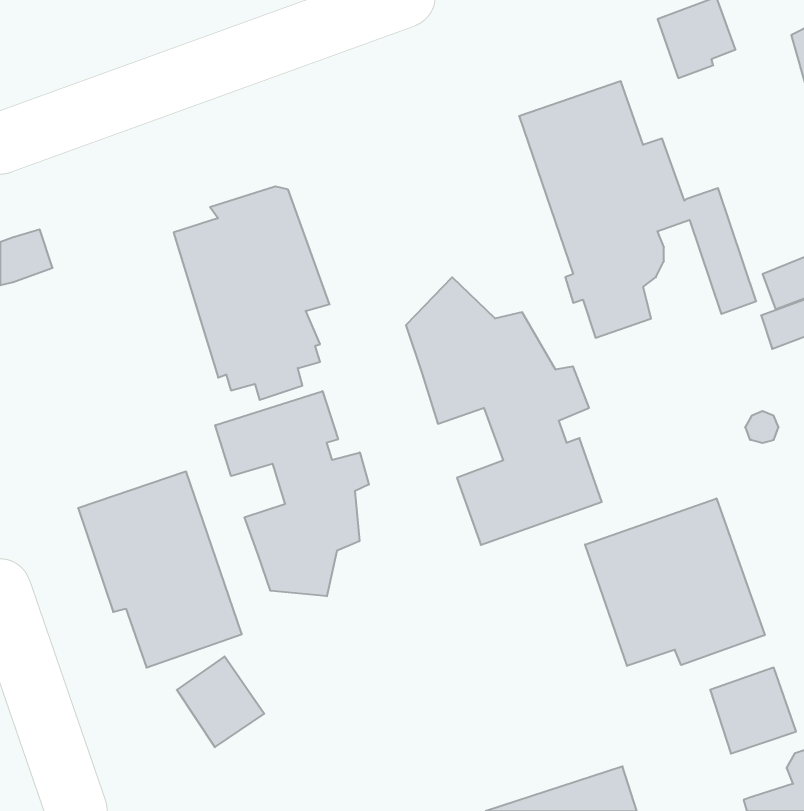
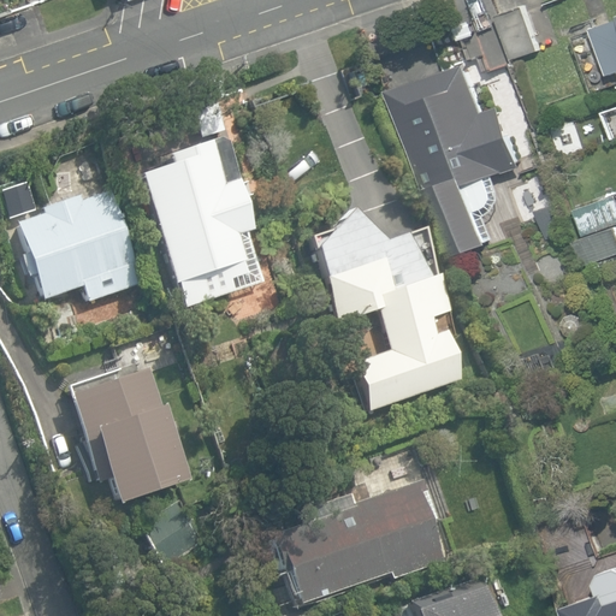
building: none -> [18,190,140,300]
building: [215,391,369,596] -> none
building: [585,498,765,666] -> none
building: none -> [270,478,445,604]

